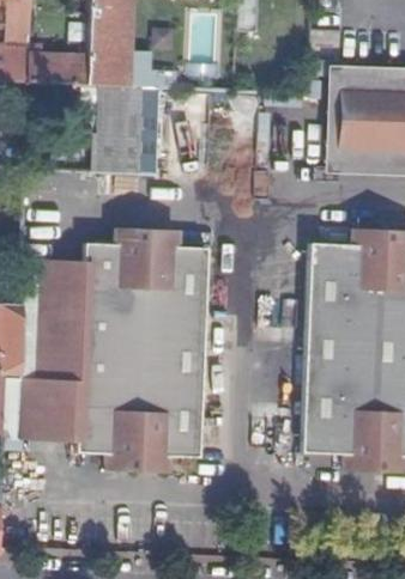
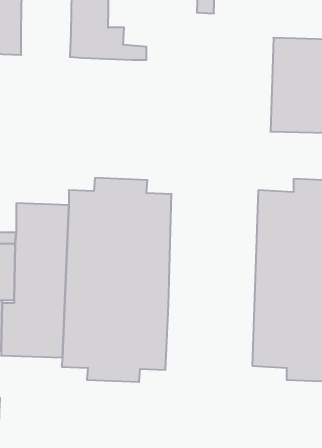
building: [29,54,87,85] -> none
building: [93,86,161,173] -> none

